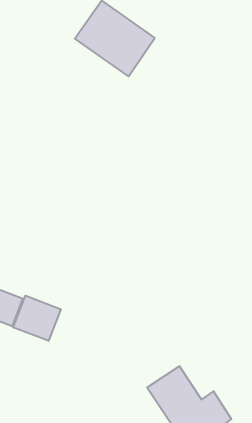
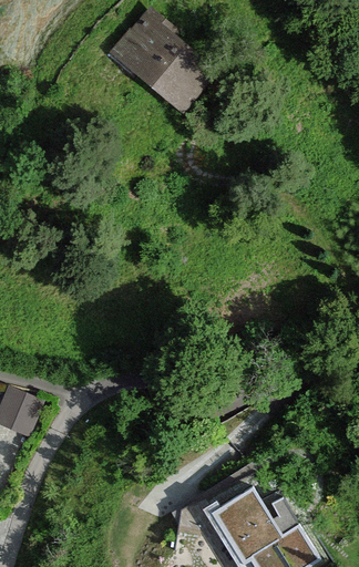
building: [13,296,61,341] -> none

